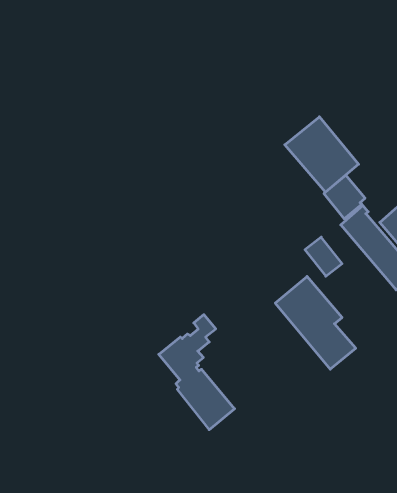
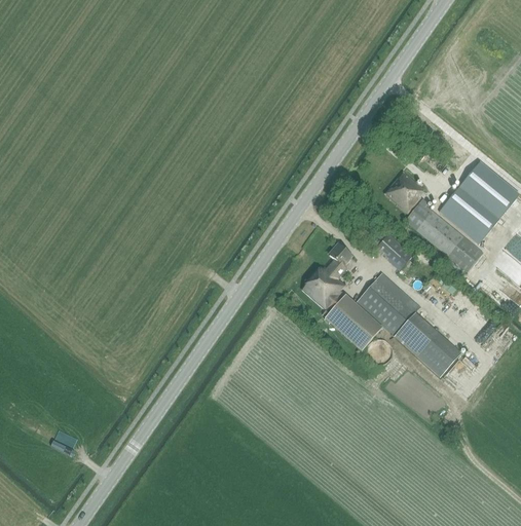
building: [285,117,359,192] -> none
building: [159,315,235,430] -> [303,243,382,350]
building: none -> [417,332,460,376]

